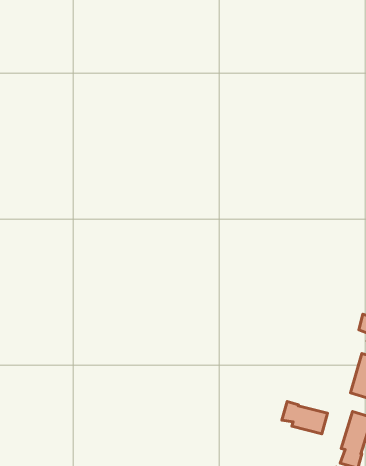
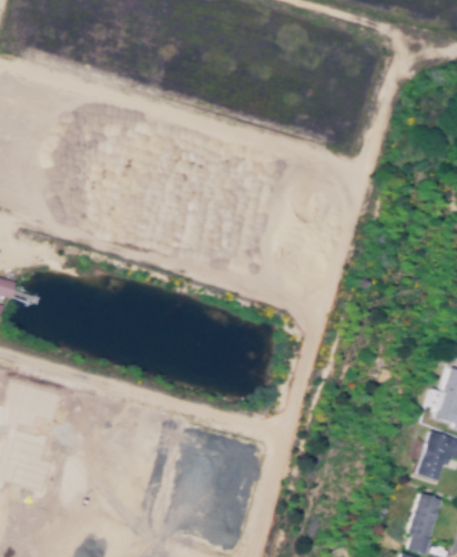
building: [282,402,327,434] -> none

